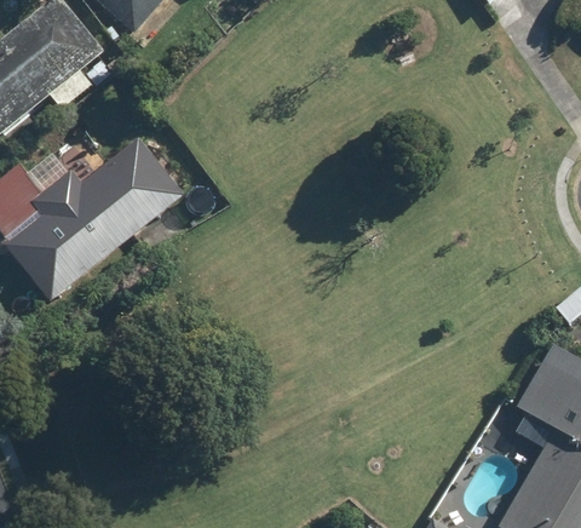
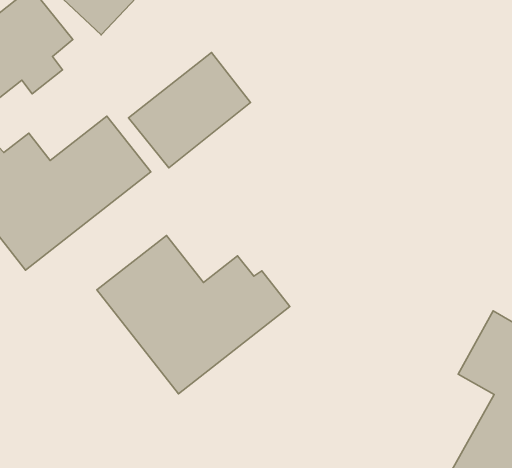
building: none -> [128,52,251,168]
building: none -> [97,236,290,394]

